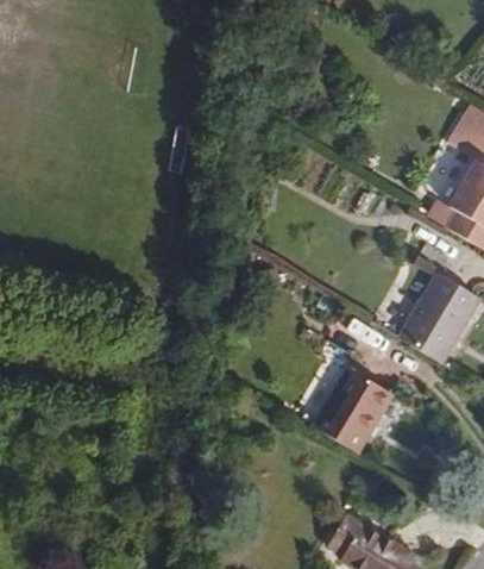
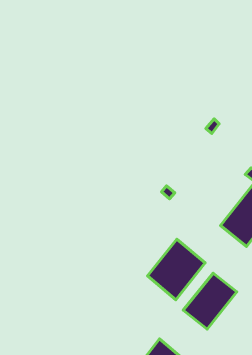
building: none -> [183,273,237,329]

